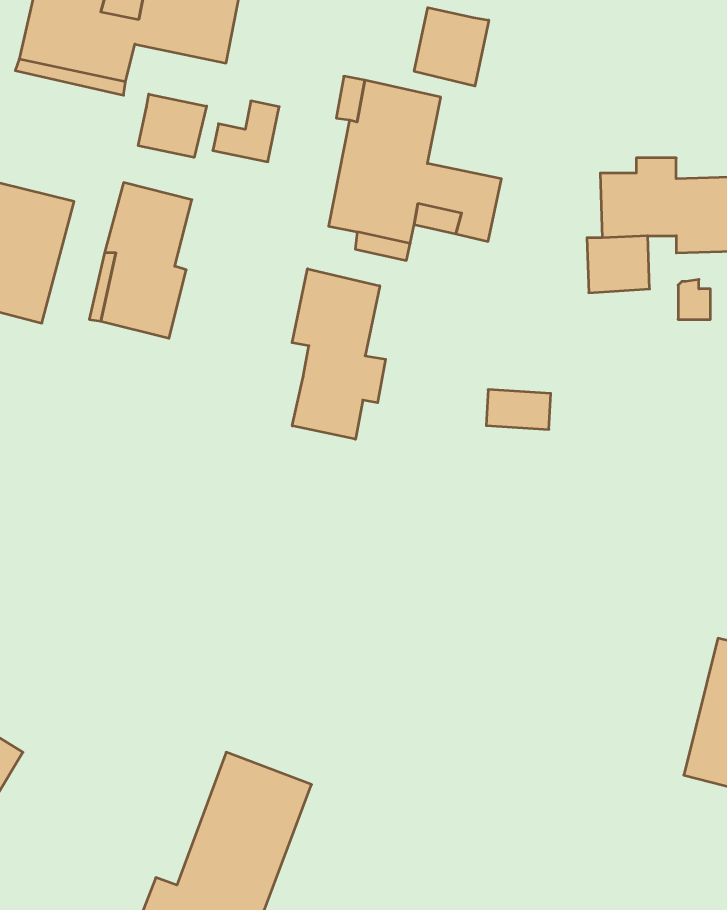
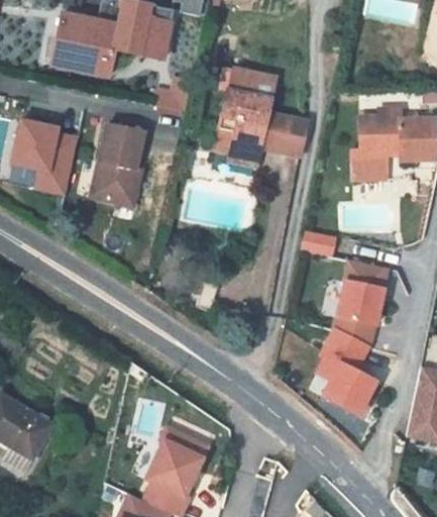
building: [414,8,489,86] -> none
building: [138,94,207,157] -> none
building: [292,269,386,439] -> none
building: none -> [320,257,387,411]

